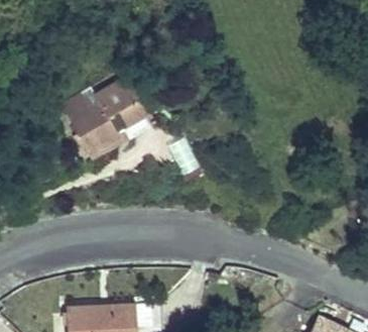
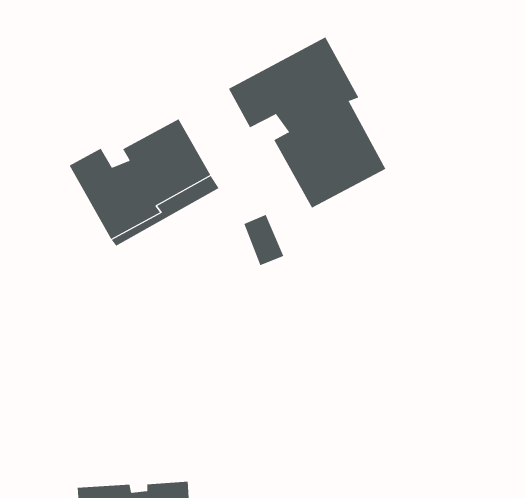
building: none -> [228,36,386,209]

